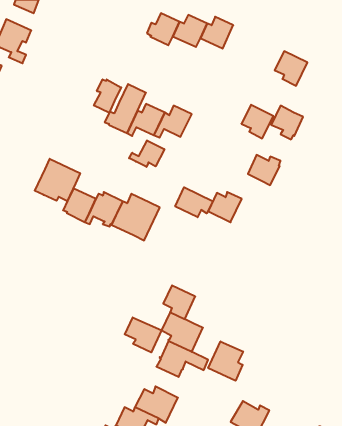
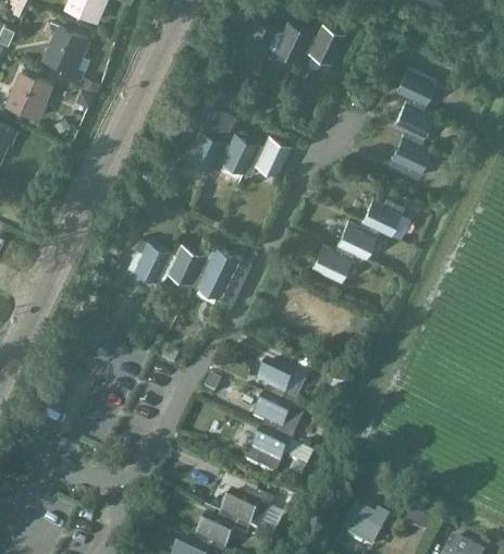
building: [94,79,121,113] -> none
building: [241,105,273,138] -> [393,102,433,145]
building: [129,140,164,167] -> none
building: [35,159,80,201] -> none
building: none -> [335,222,379,259]
building: [175,187,213,217] -> none
building: [125,317,162,352] -> none
building: [208,341,243,381] -> none

